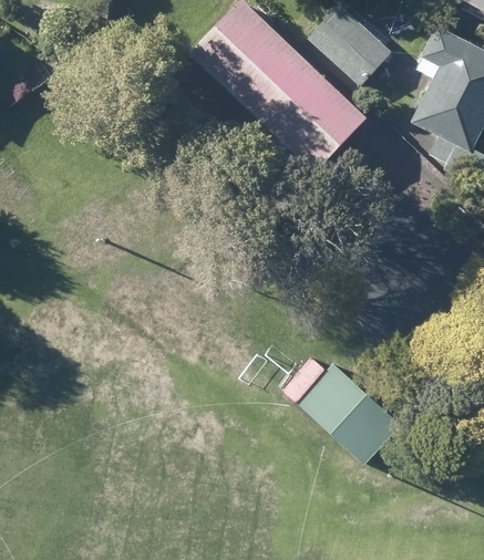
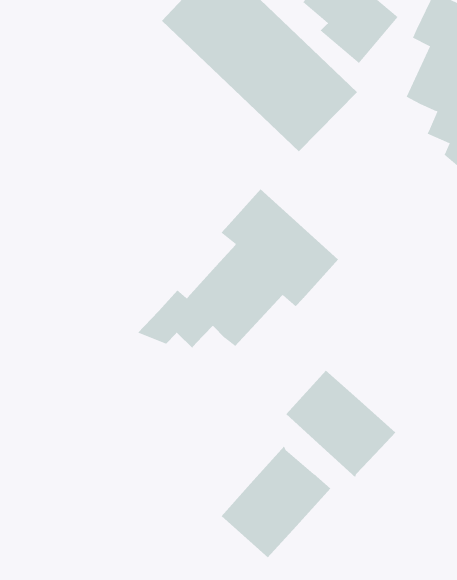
building: none -> [137,188,339,349]
building: none -> [221,445,331,558]

